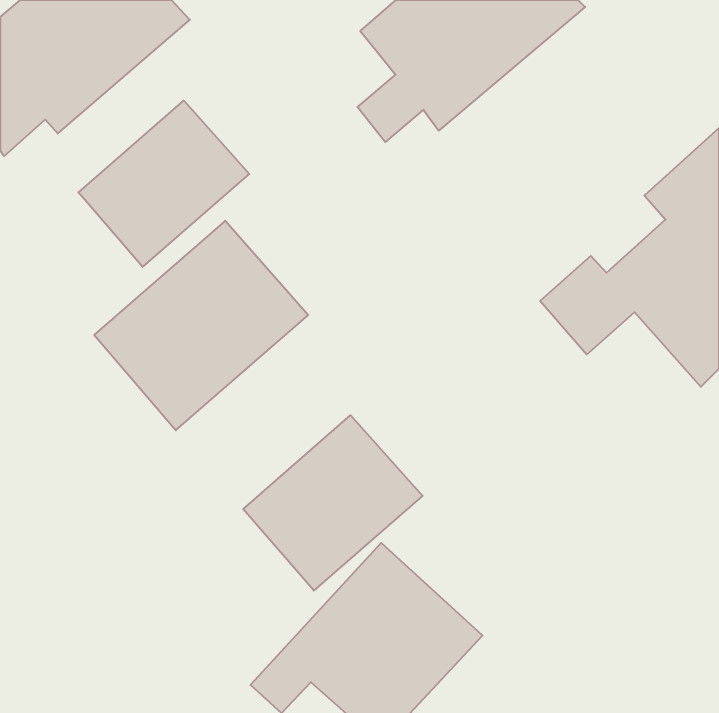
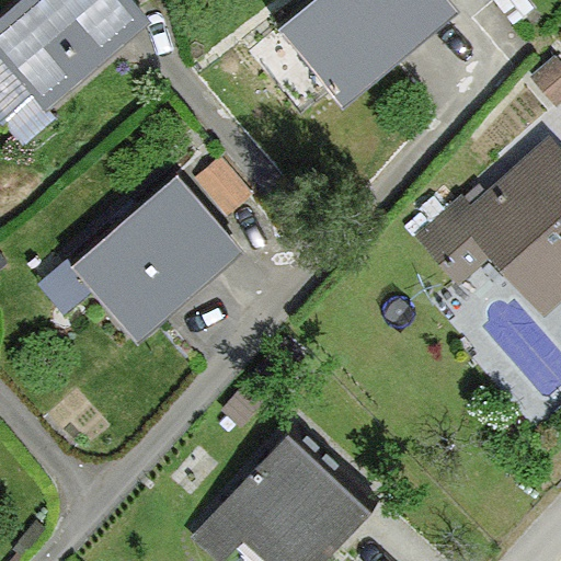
building: [78,101,249,267] -> none
building: [243,415,423,591] -> none

